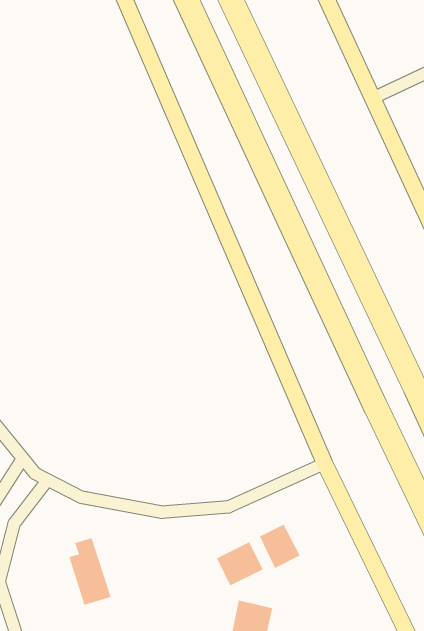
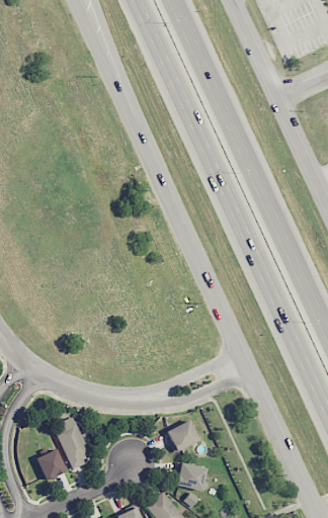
building: [259,524,301,569] -> none
building: none -> [37,448,67,481]

